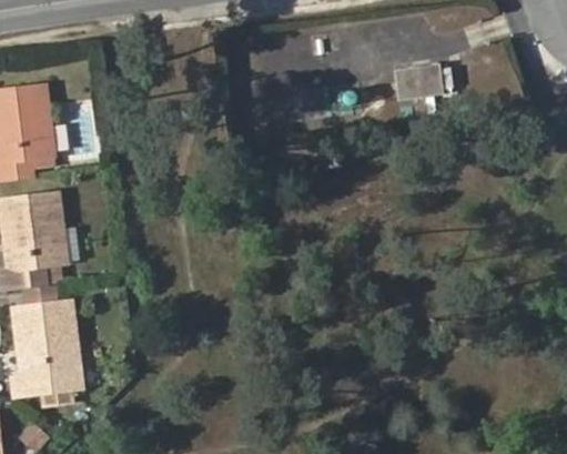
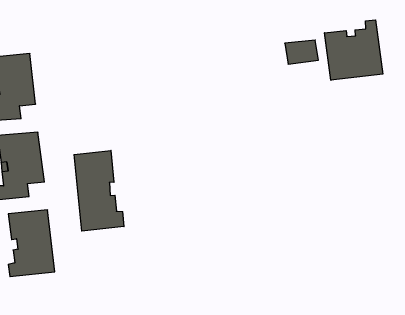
building: none -> [325,20,383,80]
building: none -> [74,150,124,231]

